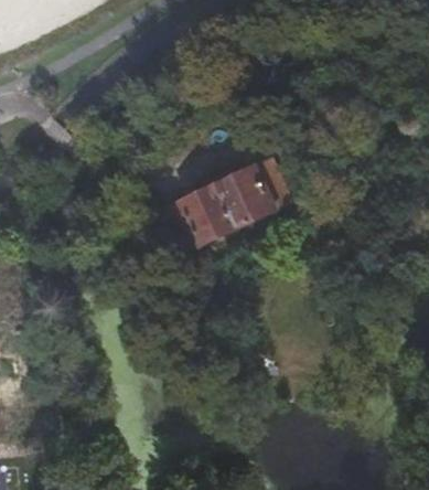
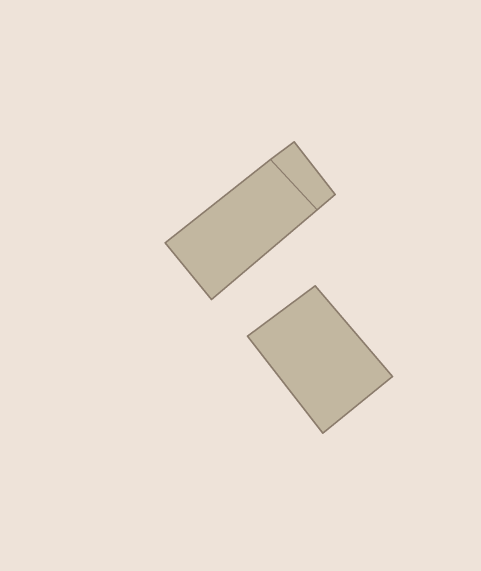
building: none -> [247,286,392,433]

